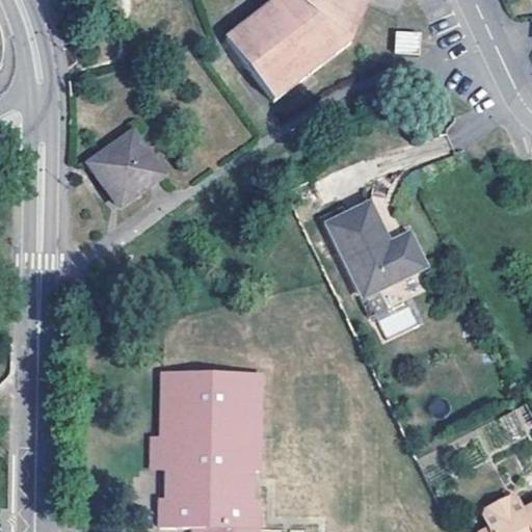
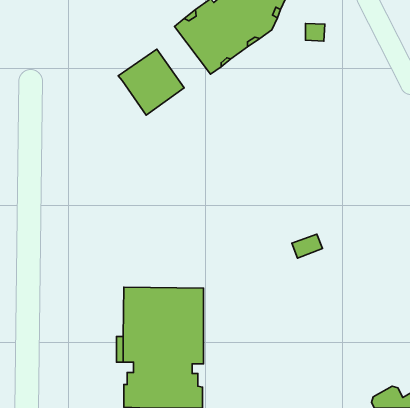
building: [84,126,169,211] -> [118,49,184,115]
building: [320,205,416,295] -> none

